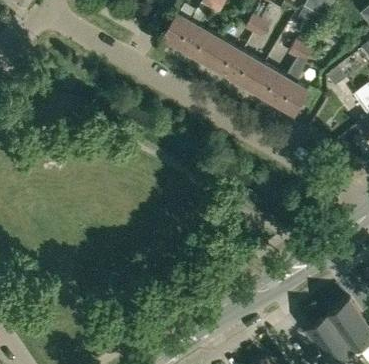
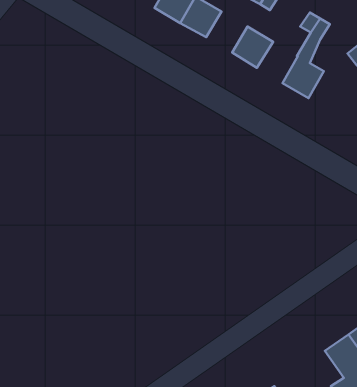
building: [207,39,242,74] -> none
building: [250,65,285,100] -> none

